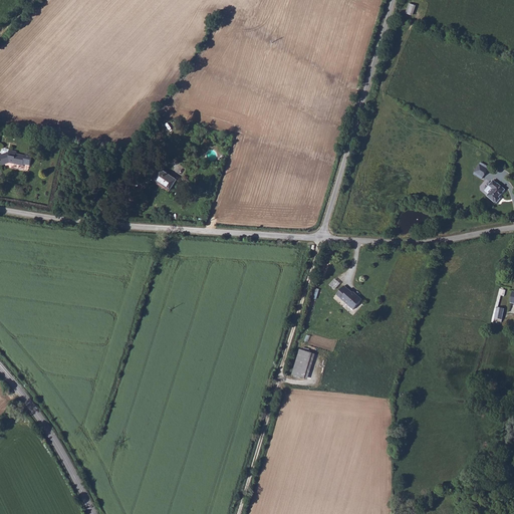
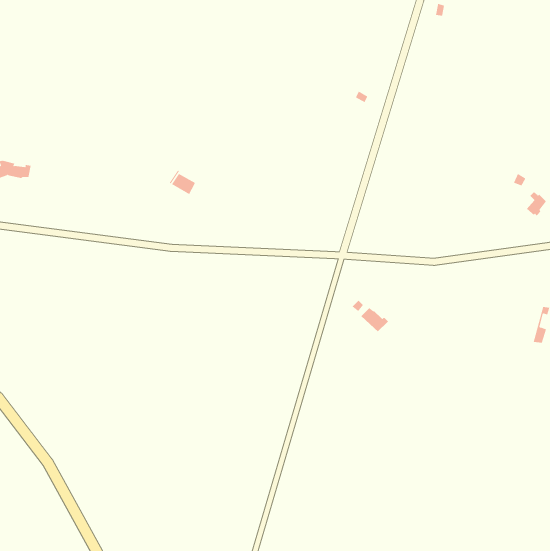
building: [289,352,311,381] -> none

